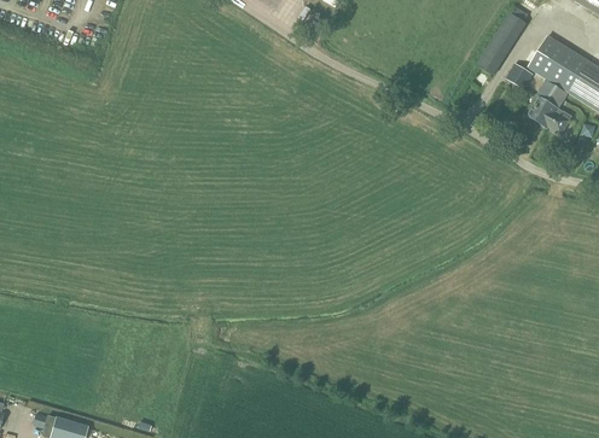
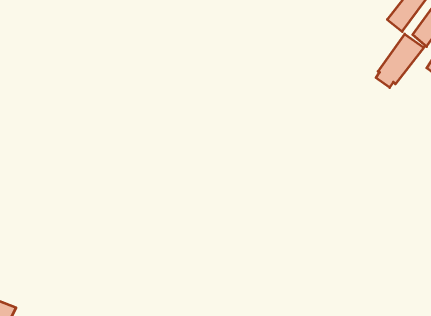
building: none -> [376,34,424,88]

